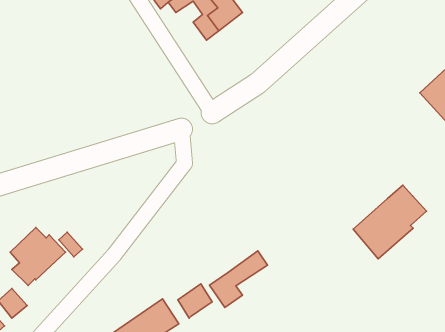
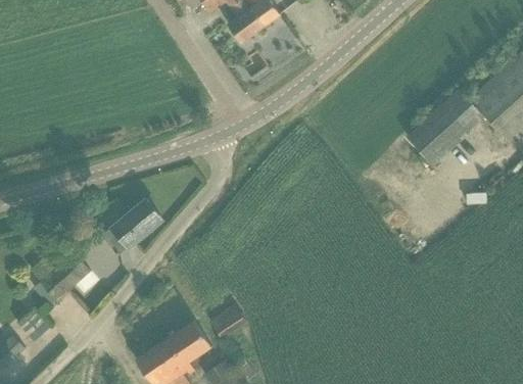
building: [353,185,427,259] -> [407,89,485,167]
building: none -> [101,200,161,256]
building: [210,251,268,308] -> none

